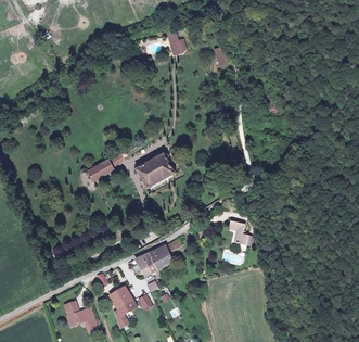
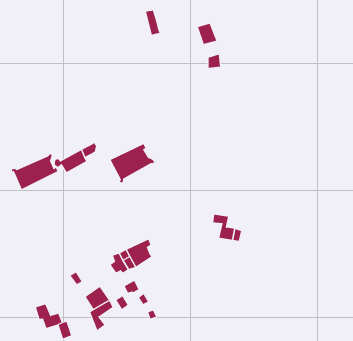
building: none -> [11,153,58,190]

